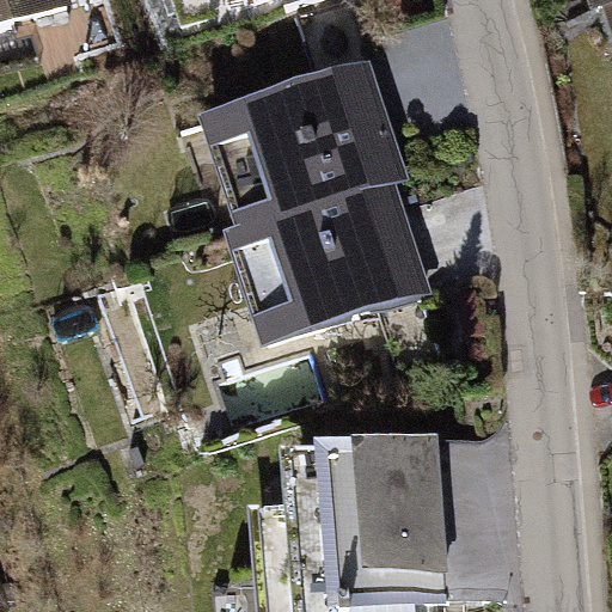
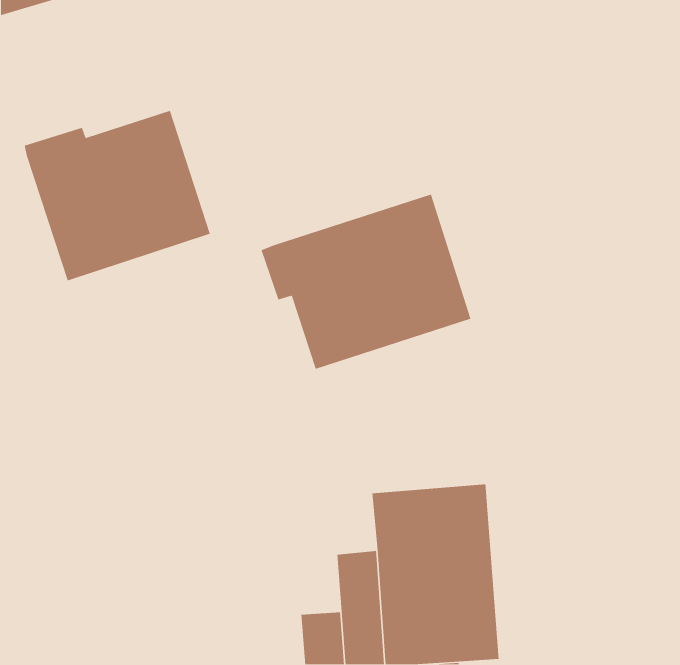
building: [222,60,400,219] -> none
building: none -> [24,110,211,281]

